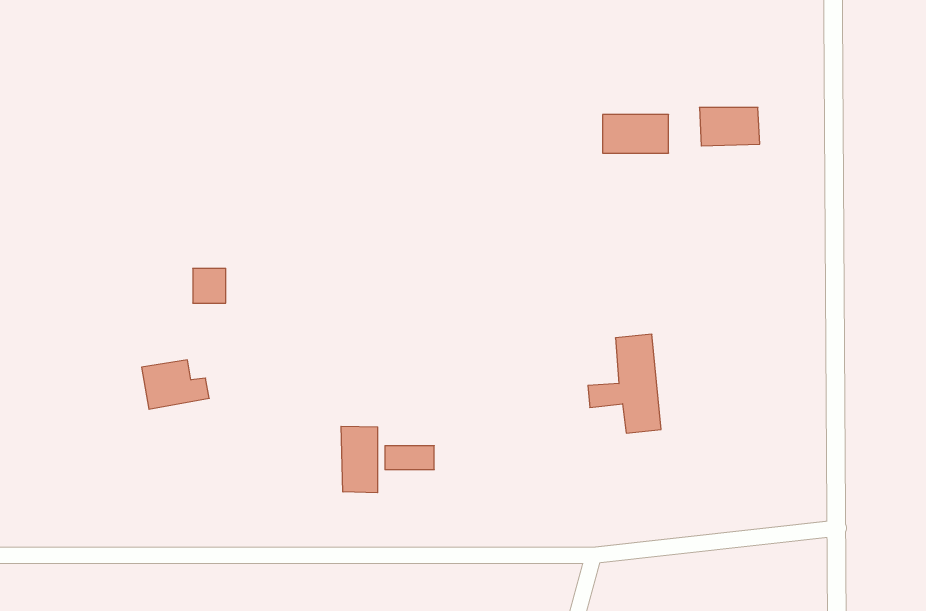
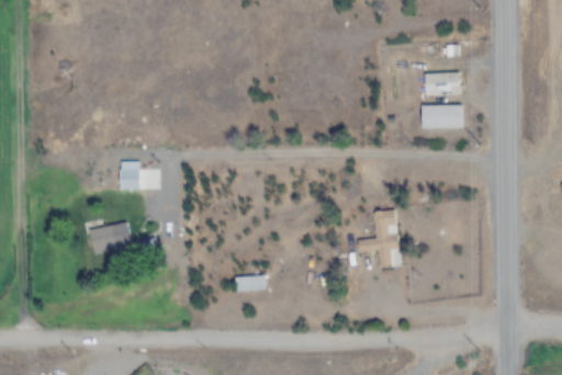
building: [603,115,669,153] -> [422,104,461,127]
building: [341,426,378,493] -> none

